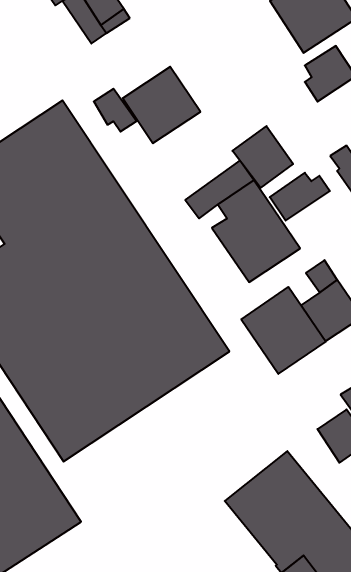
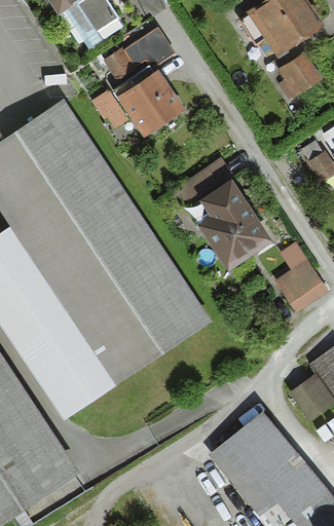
building: none -> [102,26,175,83]
building: [232,126,293,188] -> none
building: [270,173,330,221] -> none
building: [241,287,326,374] -> none

